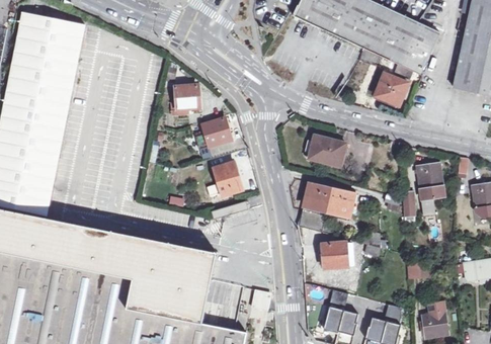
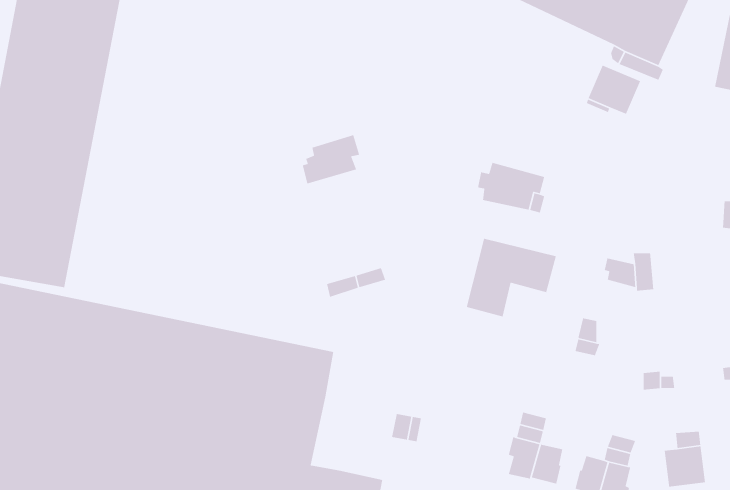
building: [173,85,197,114] -> none
building: [214,162,240,194] -> none
building: [416,162,444,199] -> none
building: [320,241,353,267] -> none

